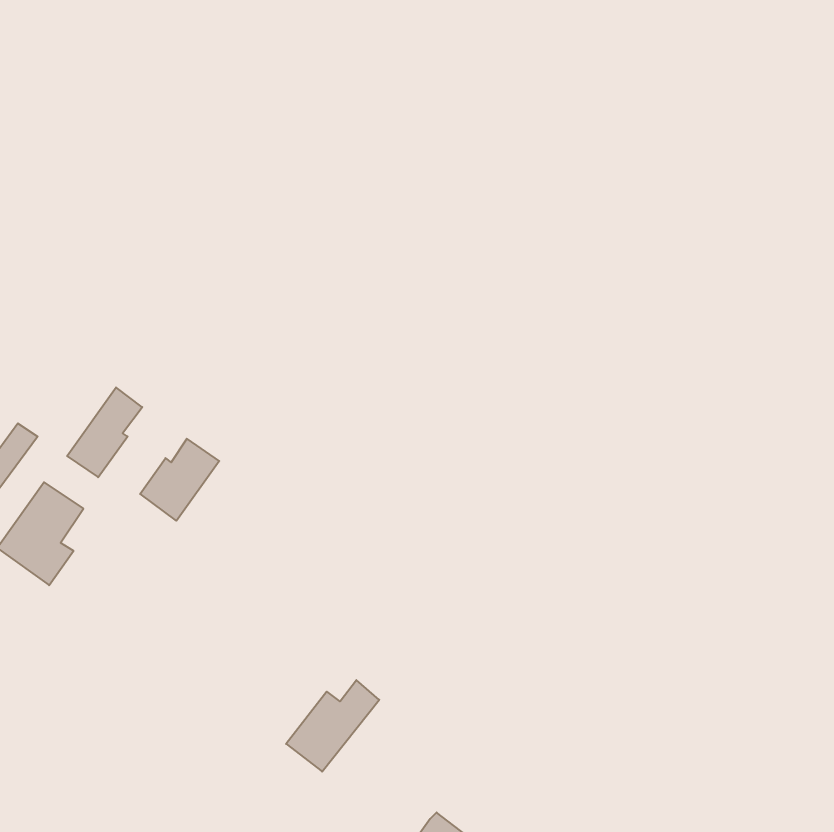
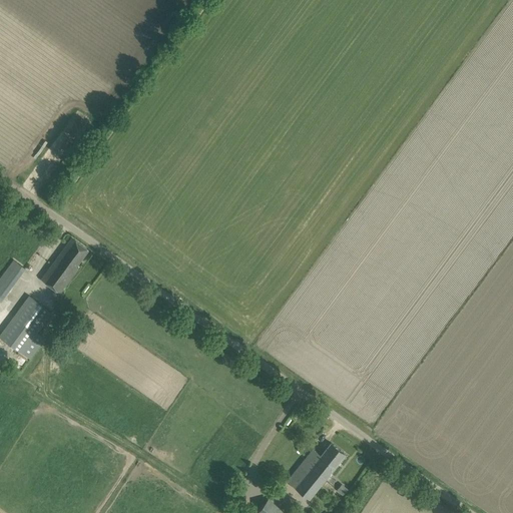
building: [140,439,219,521] -> none
building: [286,680,379,772] -> [287,444,344,500]

